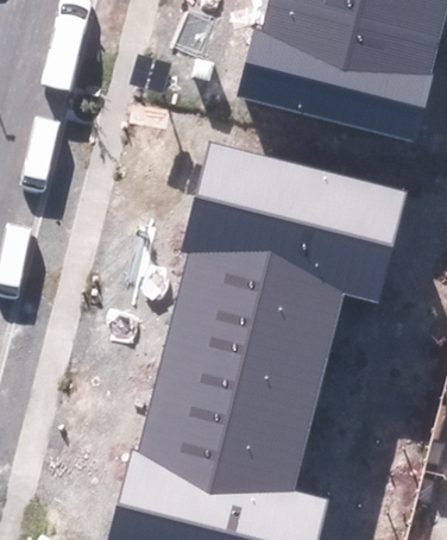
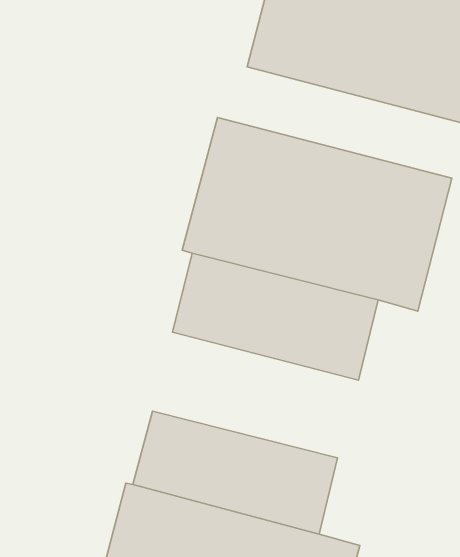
building: [155,321,328,427] -> none

